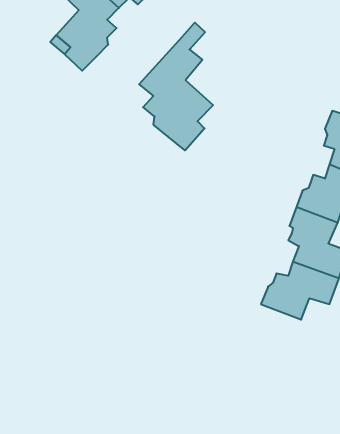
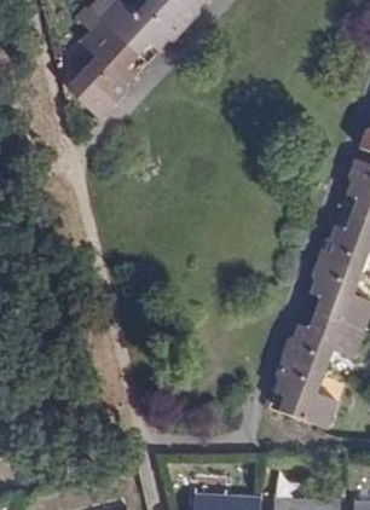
building: [139,23,213,150] -> none
building: none -> [276,355,337,427]

